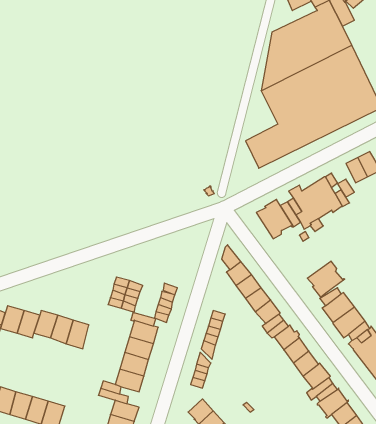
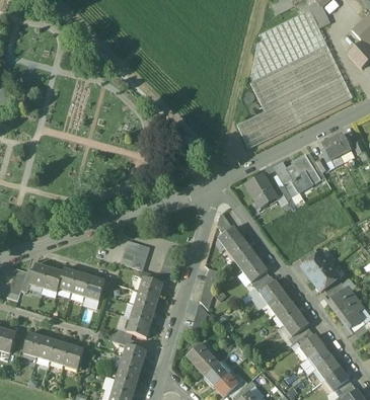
building: [307,261,345,297] -> none

